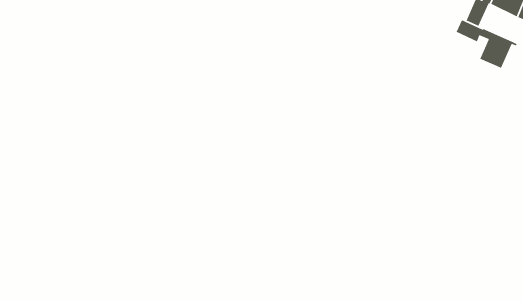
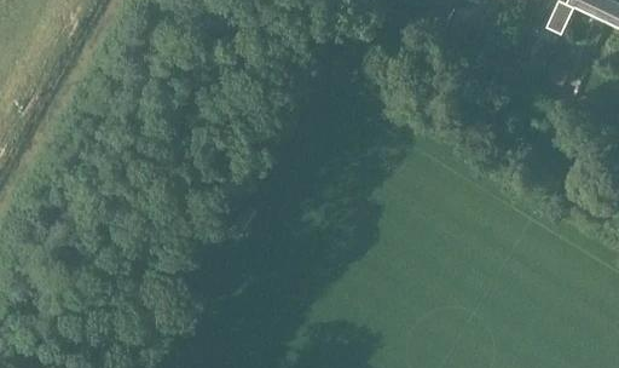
building: [456,19,518,69] -> none

